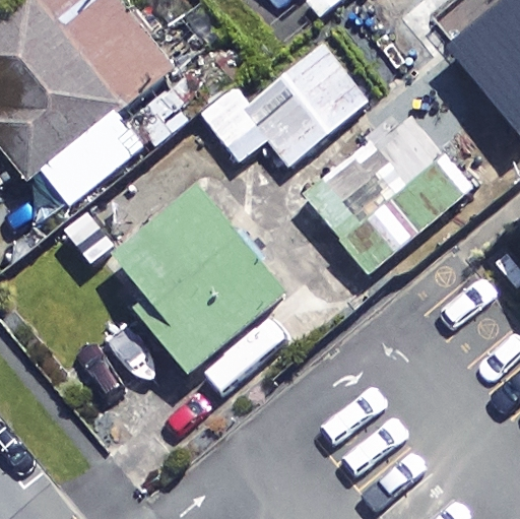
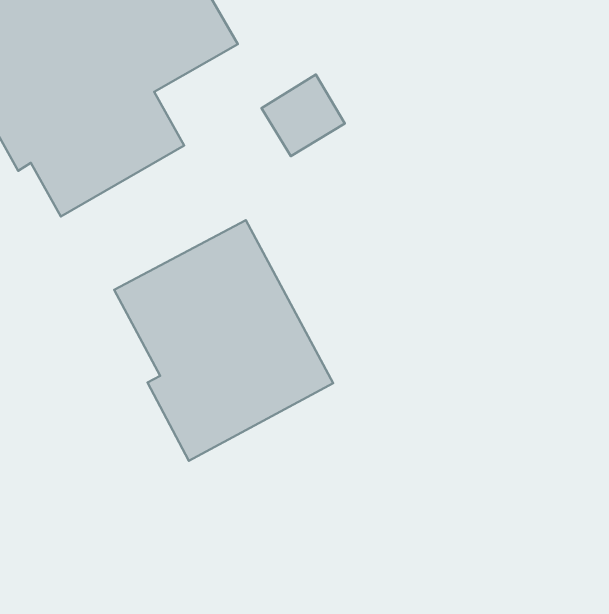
building: [257,41,374,171] -> none
building: [304,110,446,244] -> none

